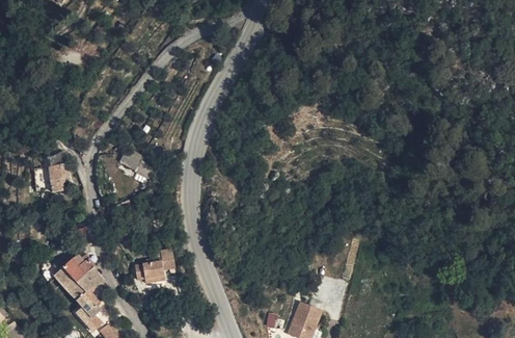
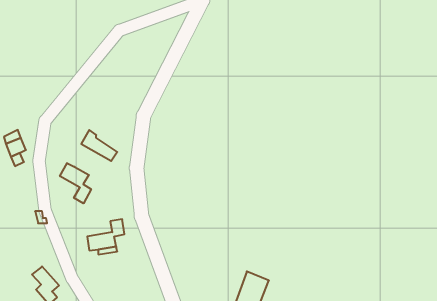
building: none -> [60,163,91,203]
building: [54,259,105,303] -> none

